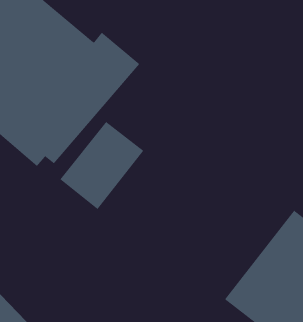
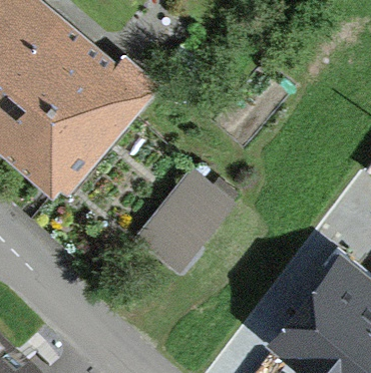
building: [59,121,144,210] -> [135,170,231,270]

